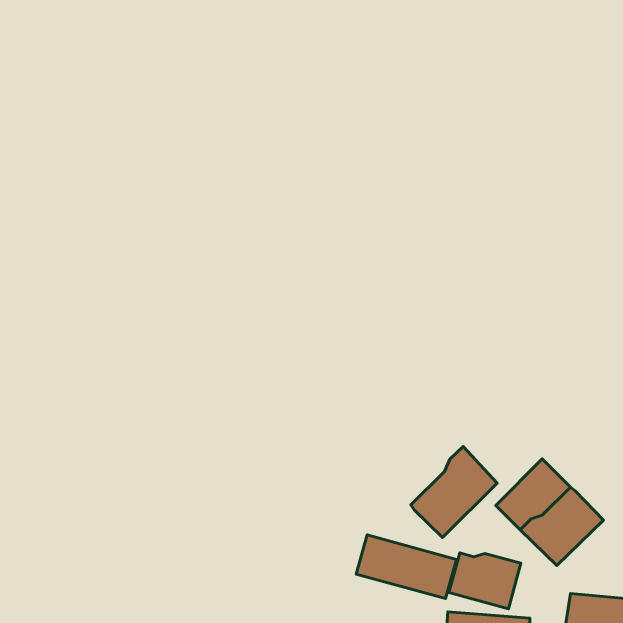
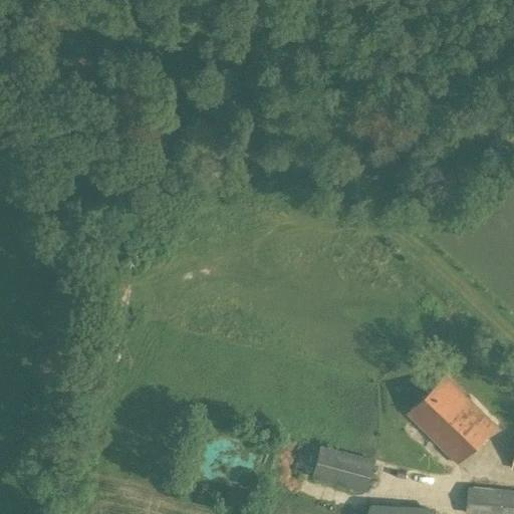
building: [411,446,497,538] -> none
building: [449,553,521,609] -> none

